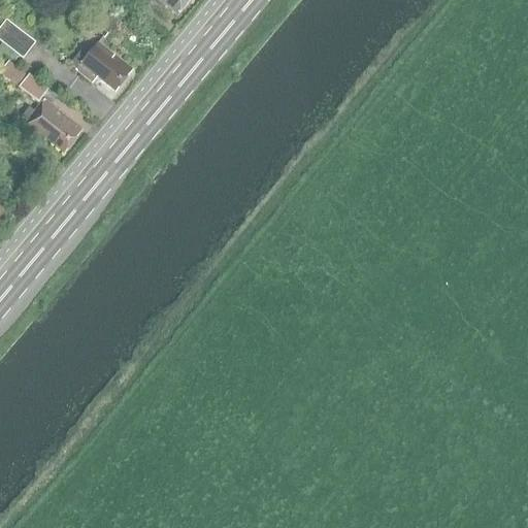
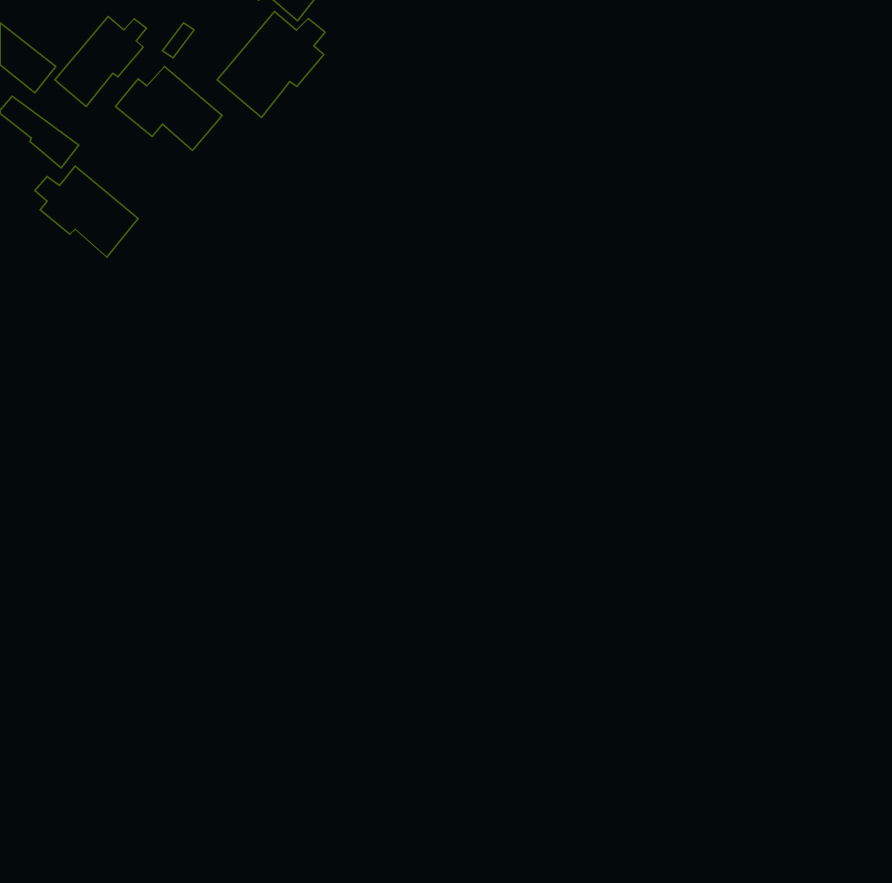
building: none -> [217,11,325,118]
building: none -> [55,16,146,107]

